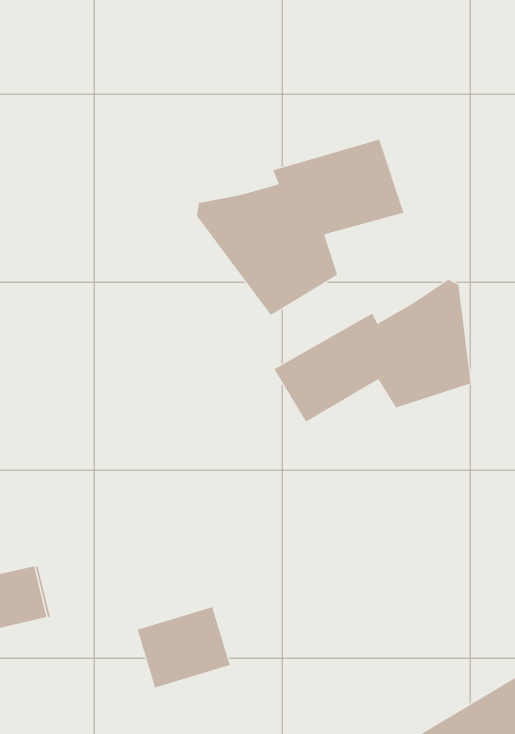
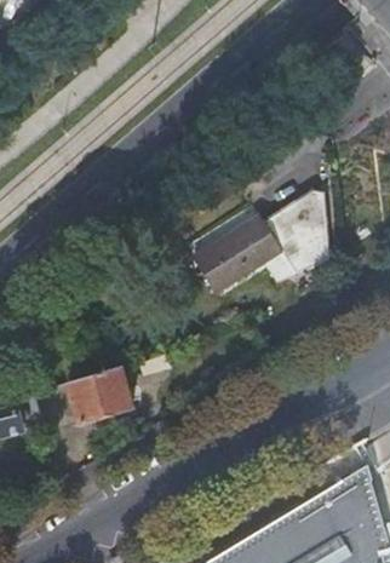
building: [196,139,404,316] -> none
building: [137,607,230,688] -> [69,368,133,424]

